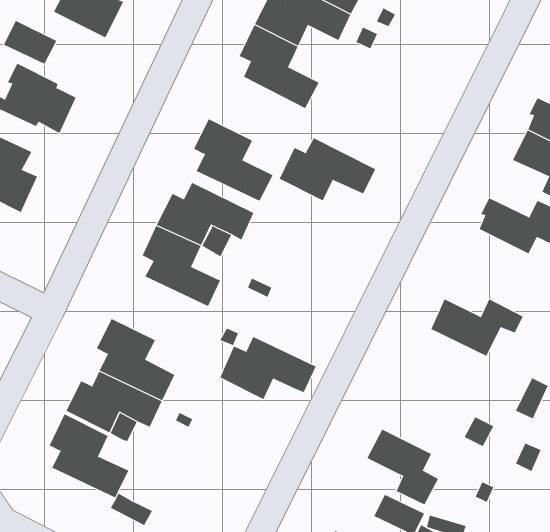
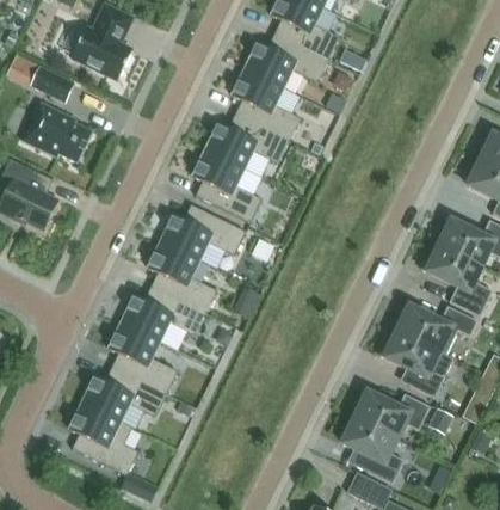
building: [279,137,376,201] -> [205,113,289,168]
building: none -> [421,245,492,315]
building: none -> [379,331,452,397]
building: [220,336,317,400] -> [122,285,205,340]
building: none -> [354,391,430,438]

